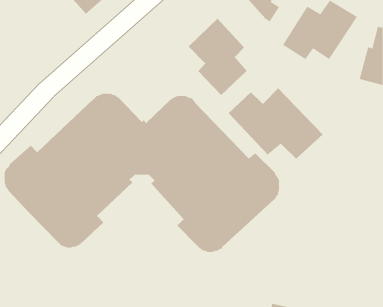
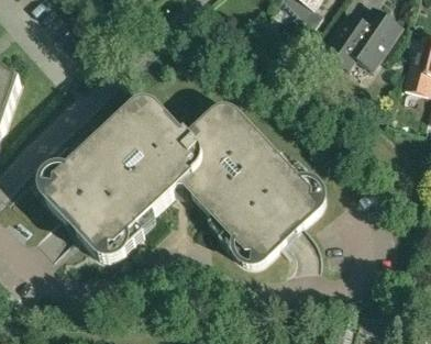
building: [188,18,248,96] -> none
building: [228,88,324,160] -> none

